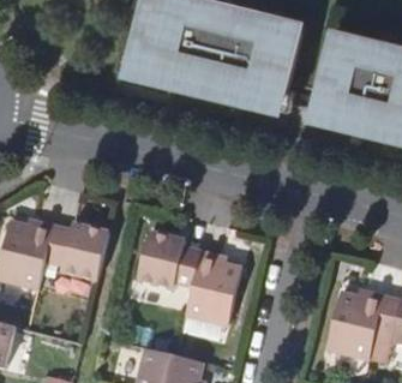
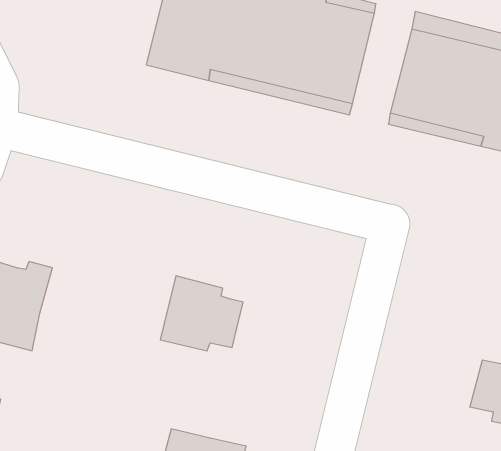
building: [44,223,109,281] -> none
building: [186,252,241,325] -> none
building: [326,292,384,360] -> none

